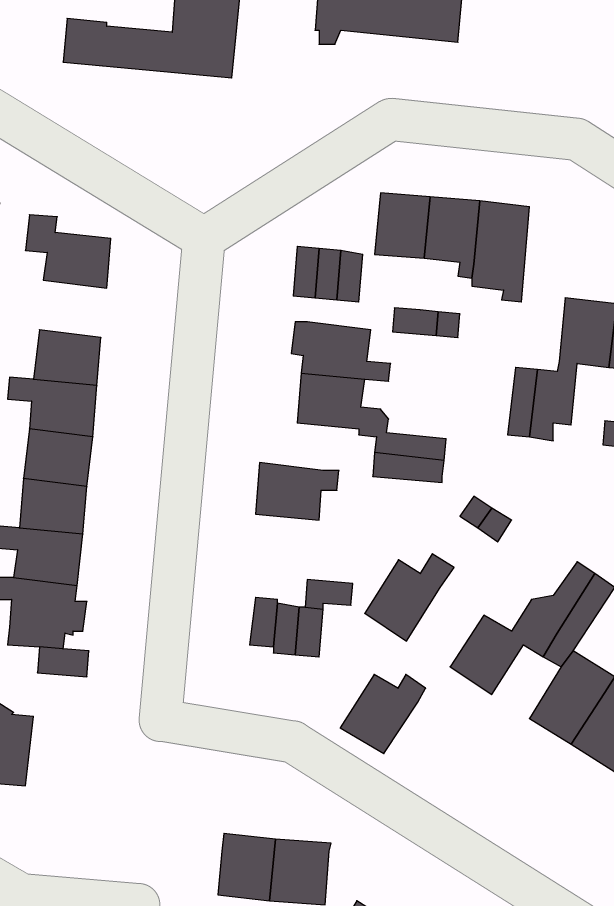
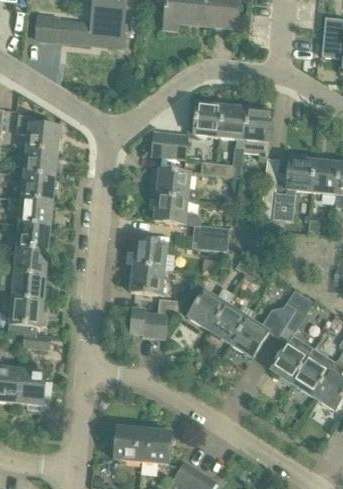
building: none -> [24,148,58,177]
building: none -> [130,266,165,294]
building: [340,674,426,754] -> [209,303,252,343]
building: none -> [17,368,52,410]

